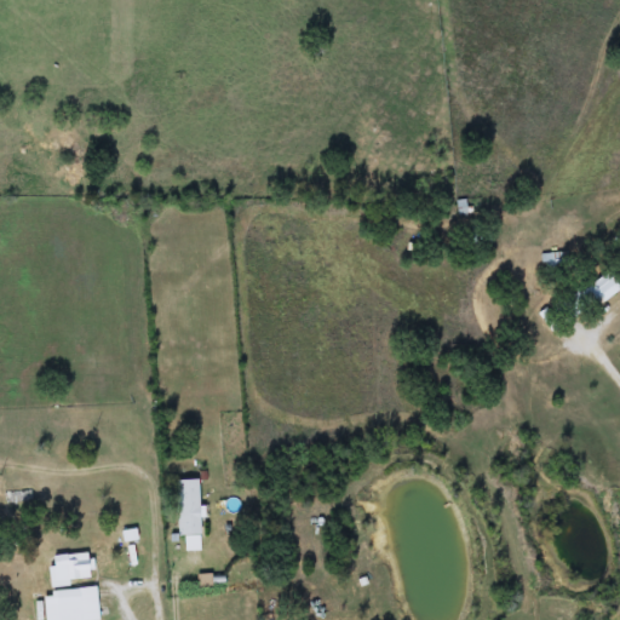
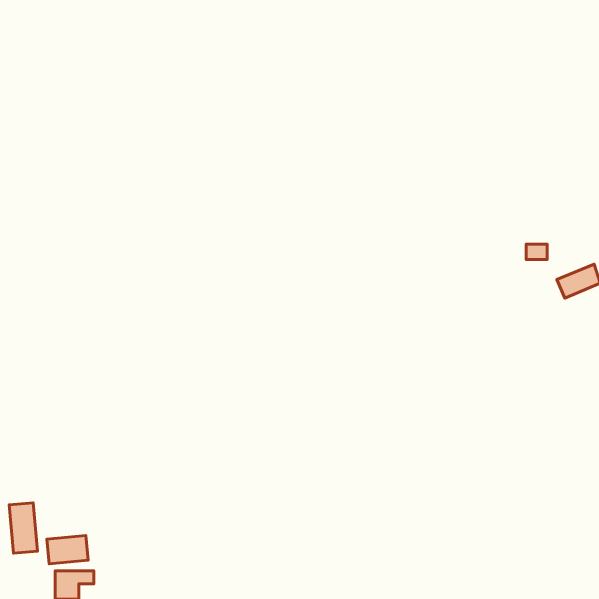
building: [178,480,201,549] -> none
building: none -> [9,503,37,553]

